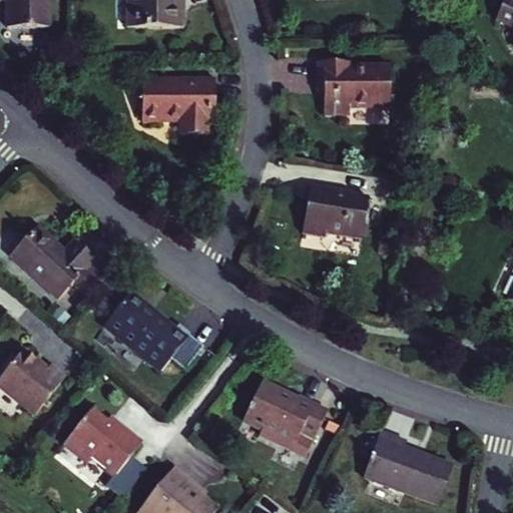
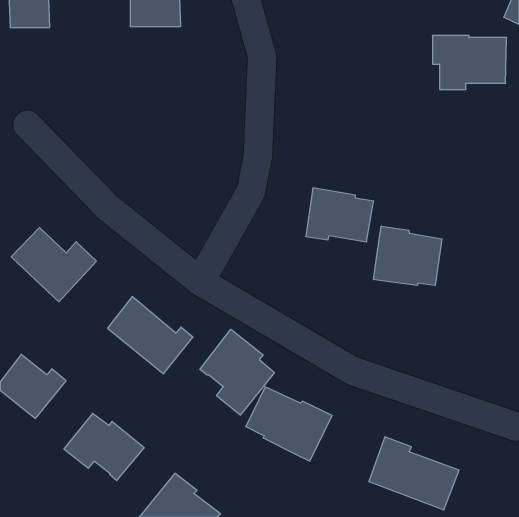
building: [317,62,390,115] -> [432,36,507,89]
building: [141,77,214,133] -> none
building: none -> [374,226,442,285]
building: none -> [200,329,274,415]

